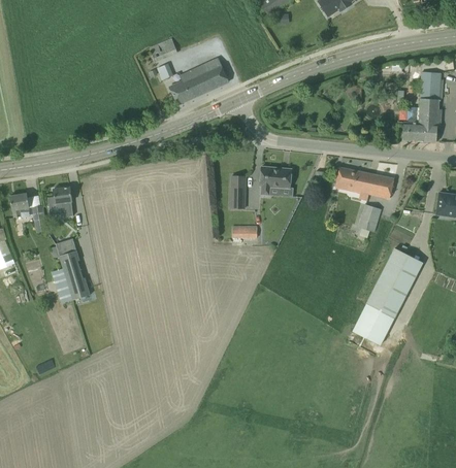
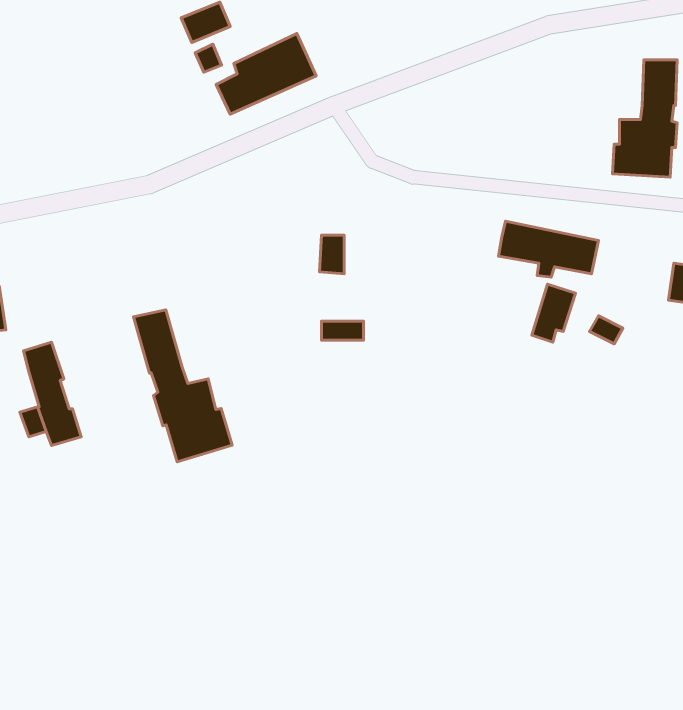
building: [260,166,291,195] -> none
building: [47,187,73,215] -> none
building: none -> [133,310,232,462]
building: [352,247,422,344] -> none

